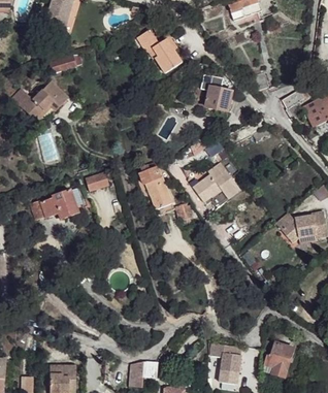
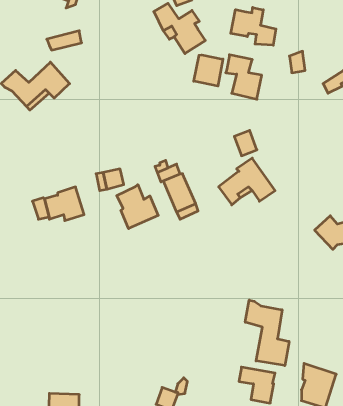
building: none -> [231,7,276,45]
building: none -> [194,55,223,86]
building: none -> [117,185,158,229]
building: none -> [245,300,289,366]

